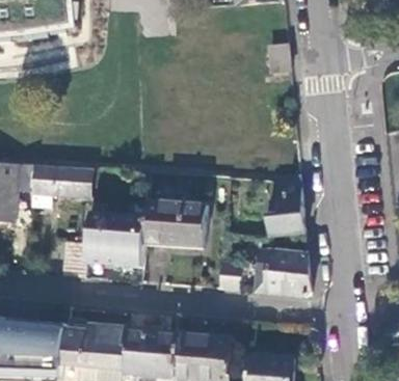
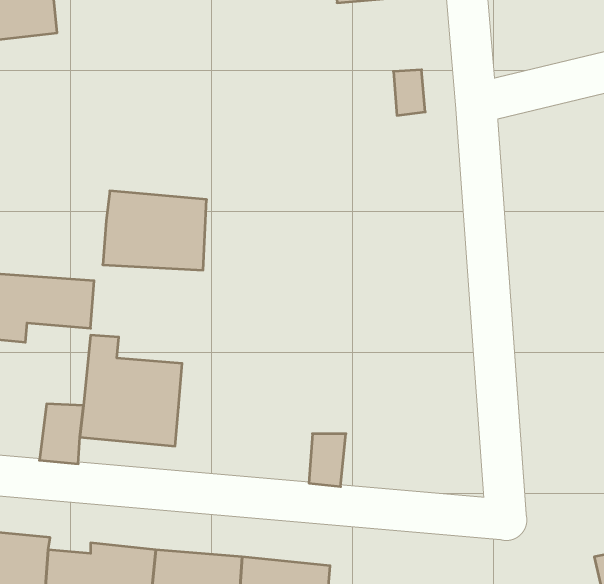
building: [268,173,303,235] -> none
building: [142,199,204,246] -> [103,191,207,270]
building: [255,249,309,296] -> none

